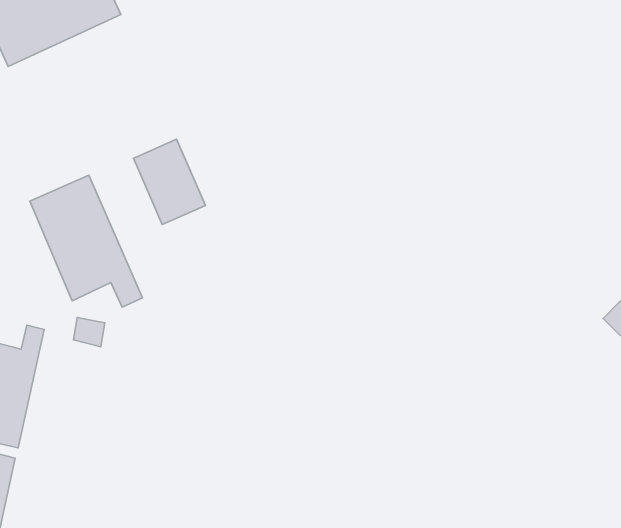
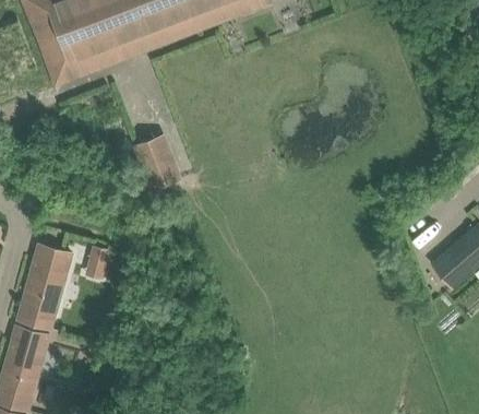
building: [30,175,142,307] -> none

